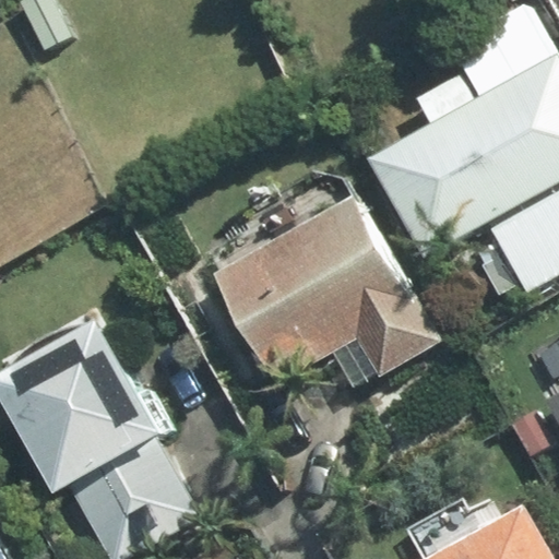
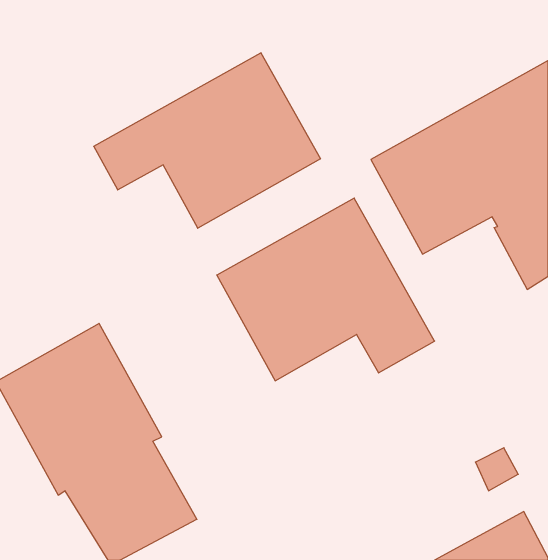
building: none -> [94,53,320,228]

